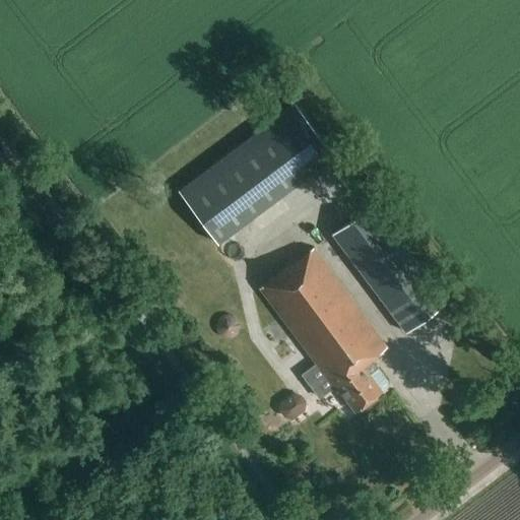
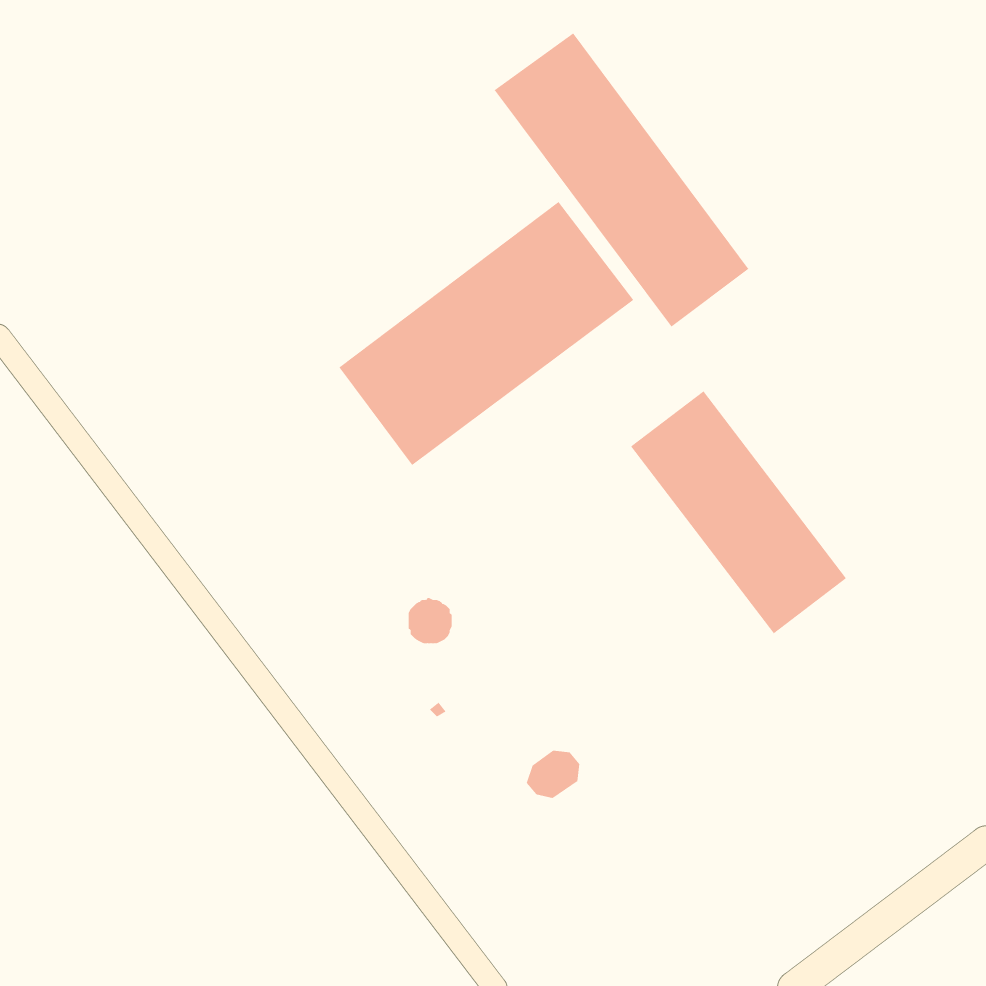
building: none -> [494,33,749,327]
building: [258,250,386,412] -> none

